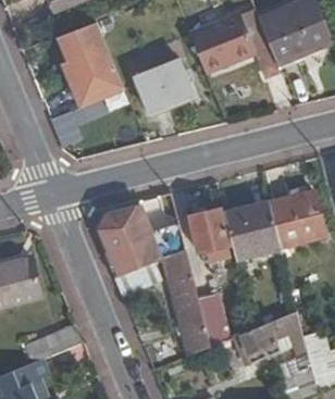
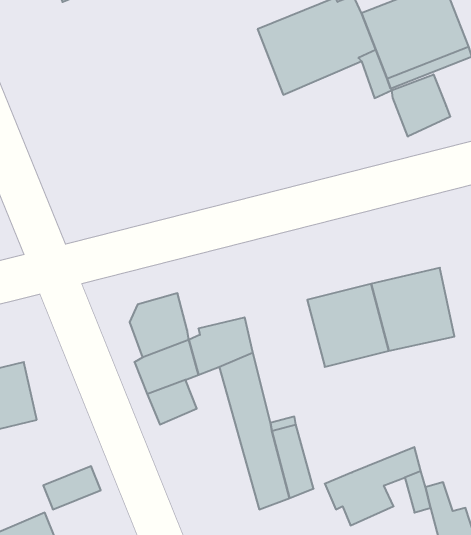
building: [66,22,121,103] -> none
building: [134,59,191,111] -> none
building: none -> [392,74,450,137]
building: [189,209,227,251] -> none

